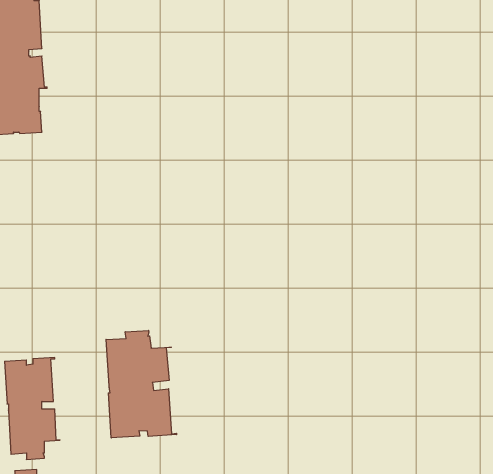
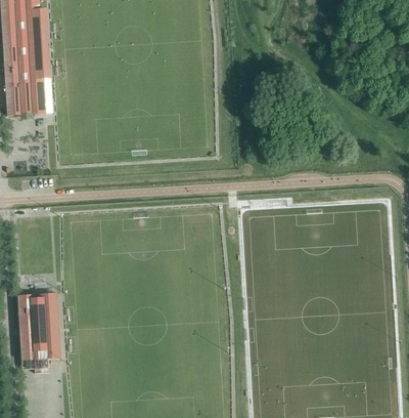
building: [106,330,177,438] -> none

